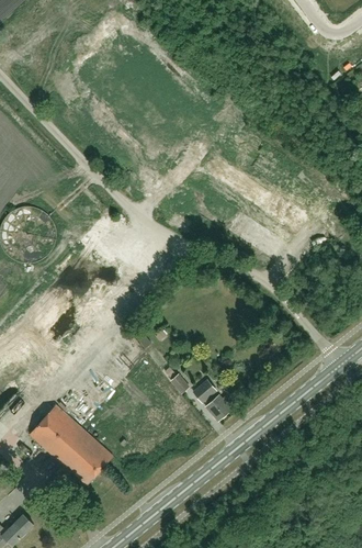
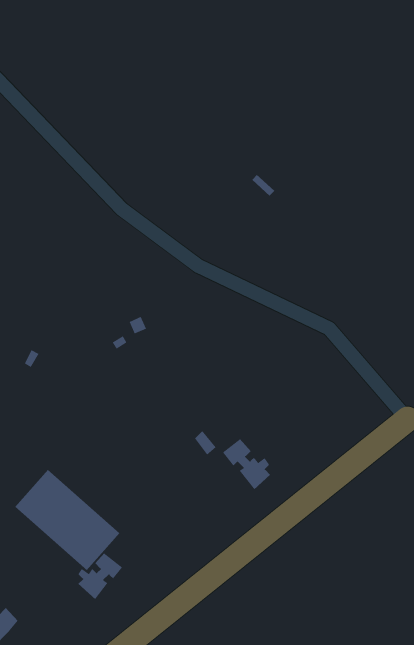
building: none -> [78,552,123,600]

